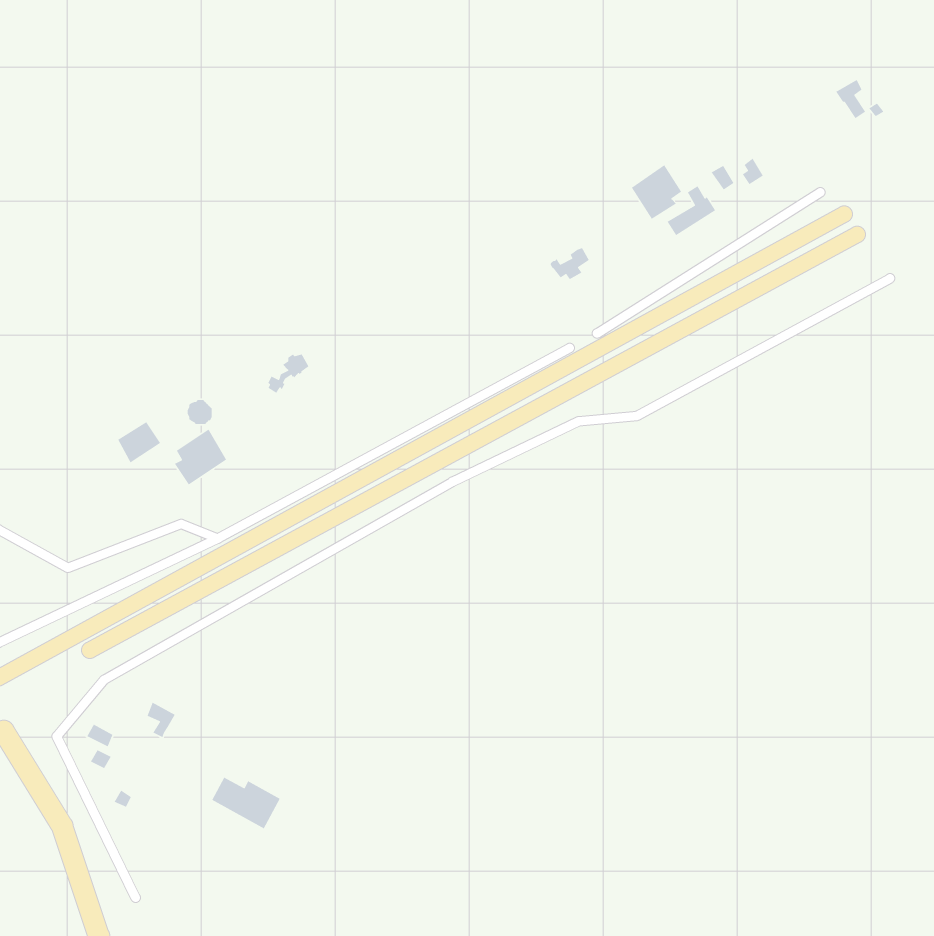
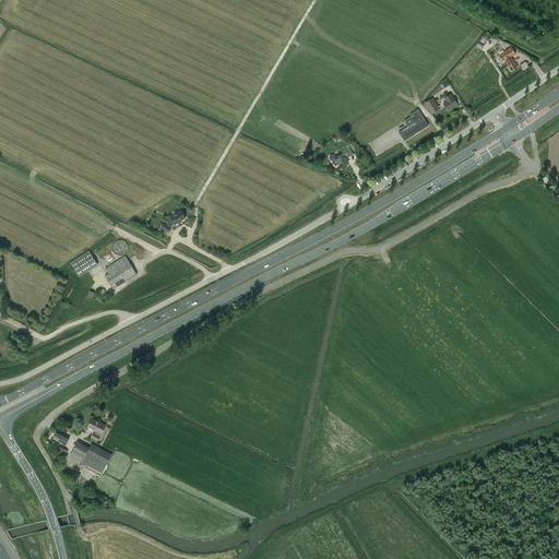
building: [631,164,682,220] -> none
building: [211,777,281,830] -> [69,441,110,473]

